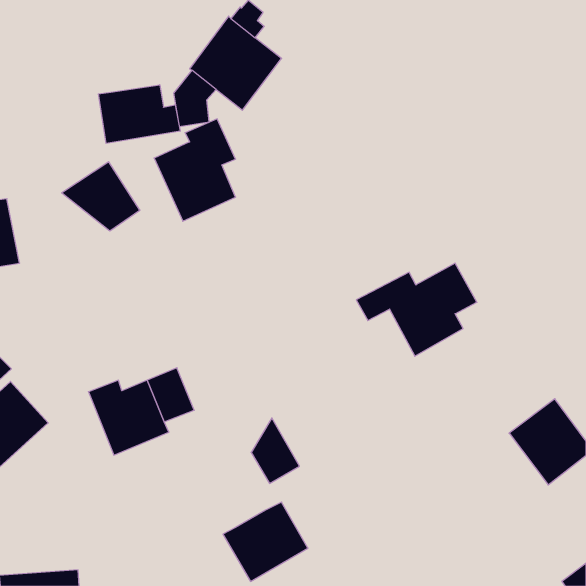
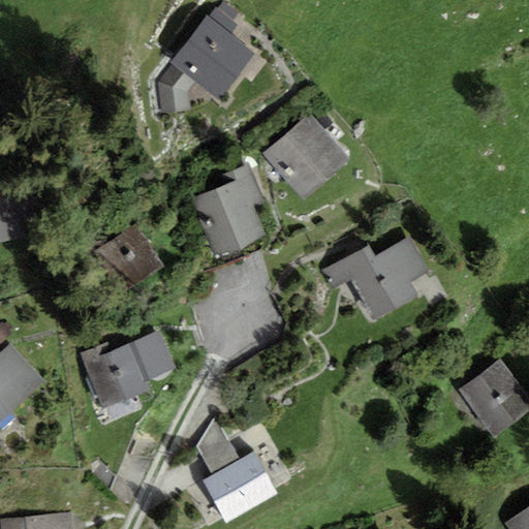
building: [98,85,180,143] -> none
building: [154,119,236,221] -> [191,164,264,256]
building: none -> [261,112,348,198]
building: [62,162,140,231] -> [93,223,163,285]
building: [251,418,299,483] -> [195,415,239,474]

